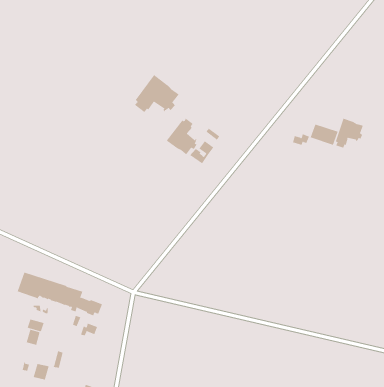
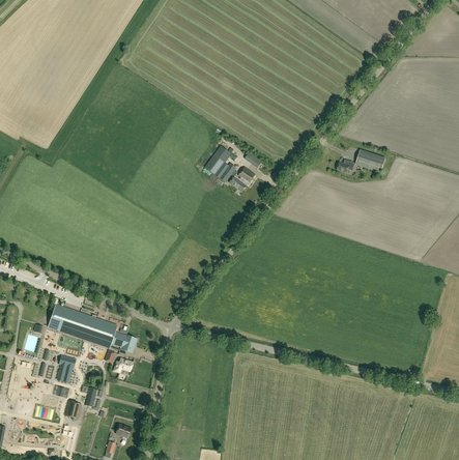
building: [134,74,180,113] -> none
building: [335,118,364,149] -> none

